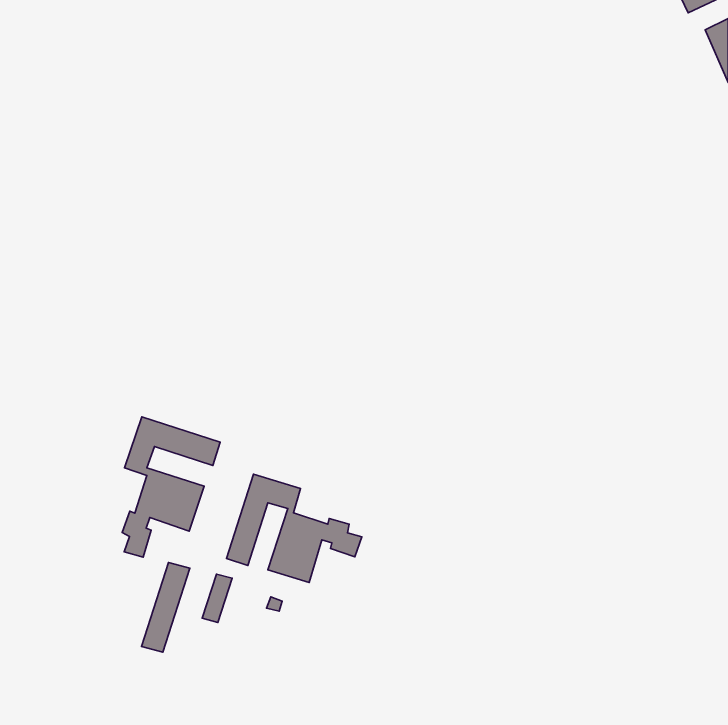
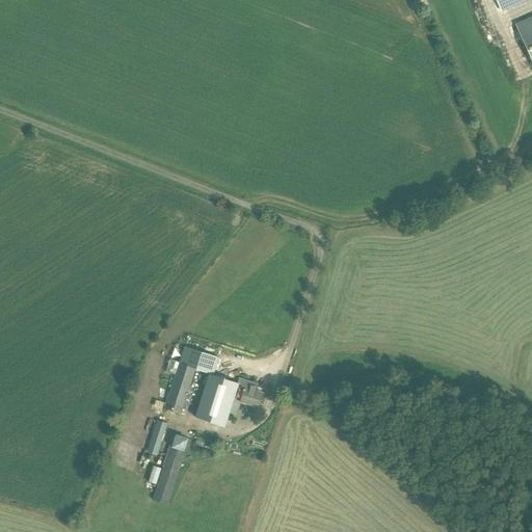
building: [122,417,220,557] -> none
building: [141,562,190,652] -> [154,432,189,498]

